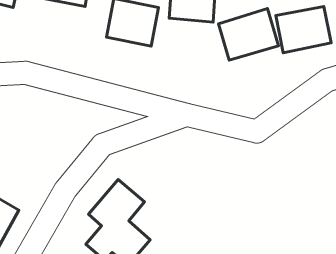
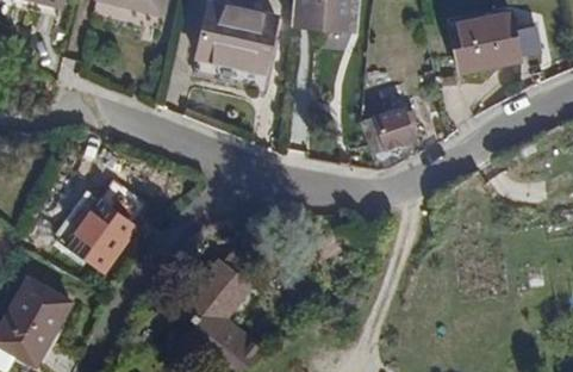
building: [219,9,278,60] -> none
building: none -> [373,106,417,151]
building: none -> [60,196,138,274]

